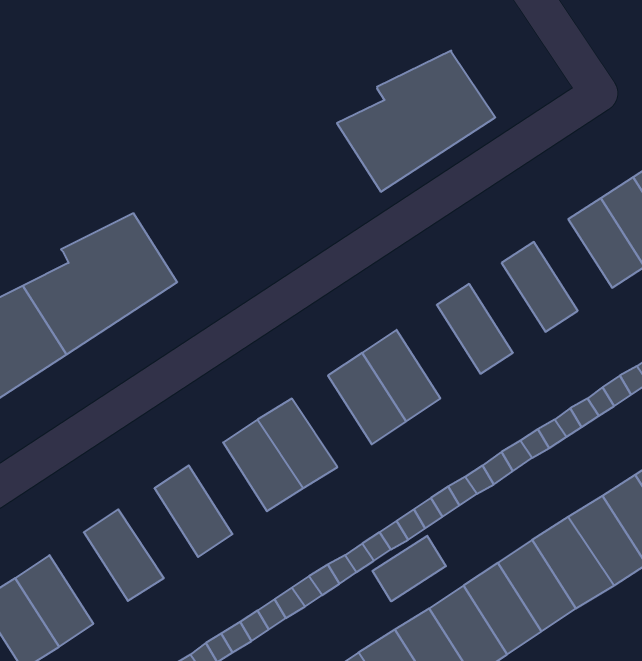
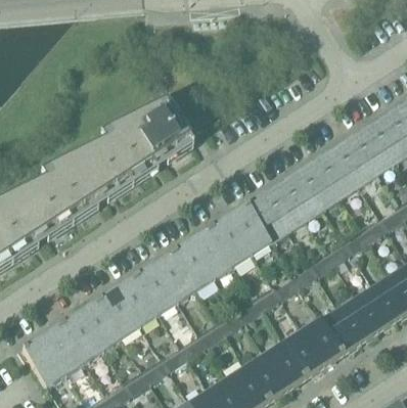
building: [337,51,495,192] -> [107,101,192,177]
building: none -> [322,143,364,192]
building: none -> [287,167,328,215]
building: none -> [248,189,293,239]
building: none -> [192,227,235,276]
building: none -> [137,263,179,312]
building: none -> [99,287,142,335]
building: none -> [62,311,104,360]
building: [372,536,446,601] -> none

